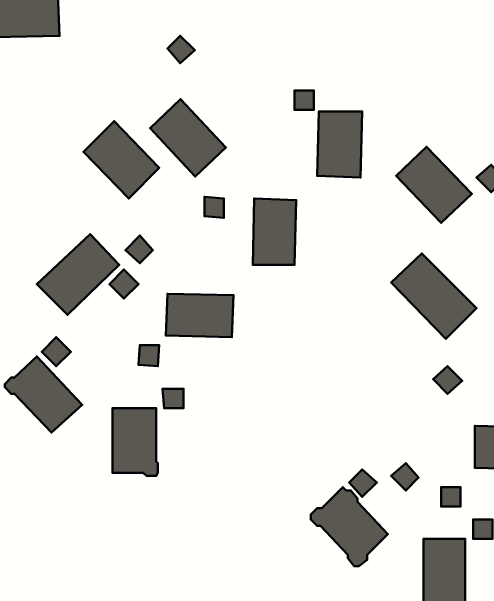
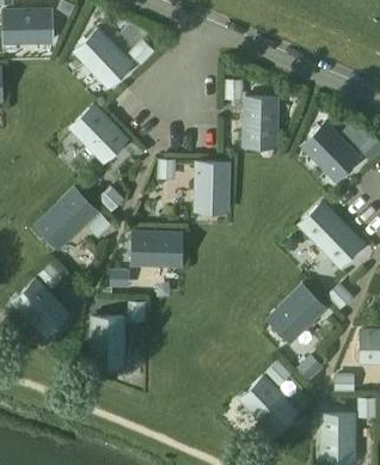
building: [150,99,226,176] -> [75,30,131,87]
building: none -> [268,286,325,342]

